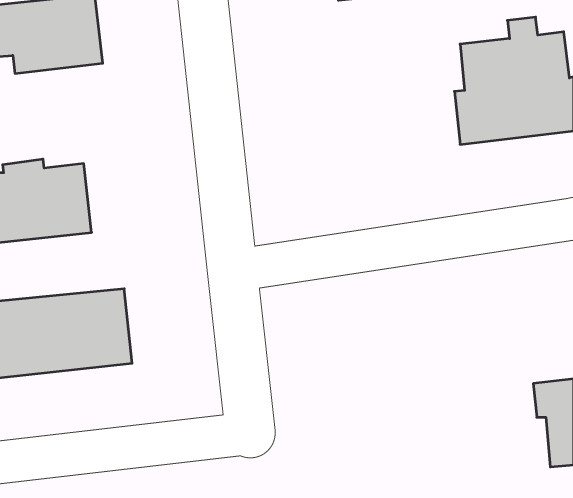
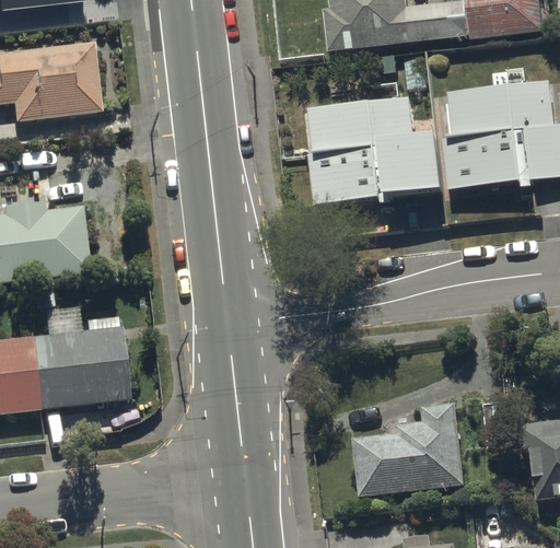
building: none -> [308,96,443,205]
building: none -> [353,403,463,492]

